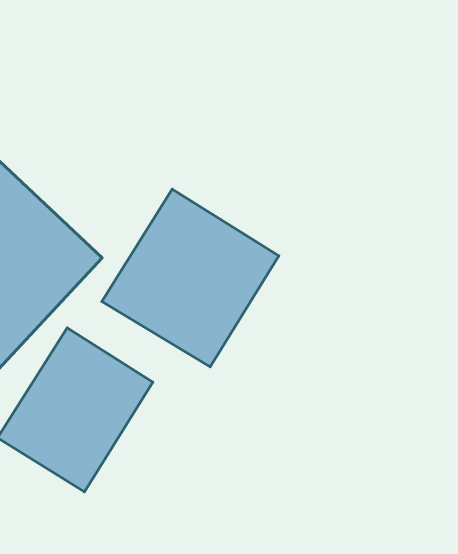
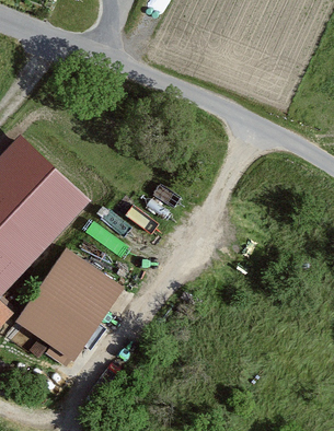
building: [102,189,279,367] -> none

